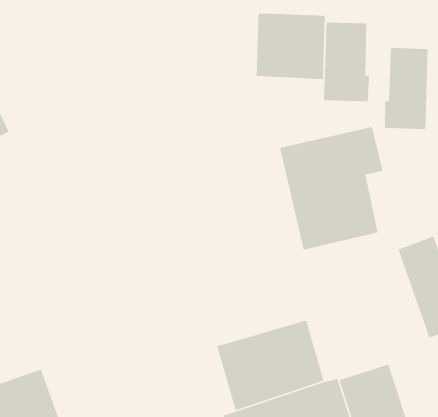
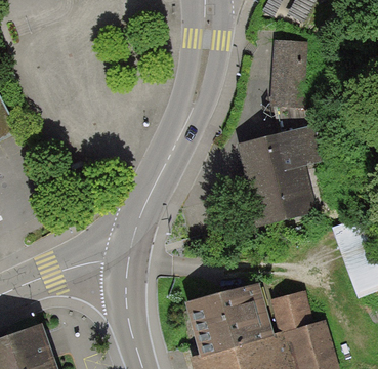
building: [256,13,325,80] -> none
building: [384,47,429,130] -> none
building: none -> [269,289,314,332]

